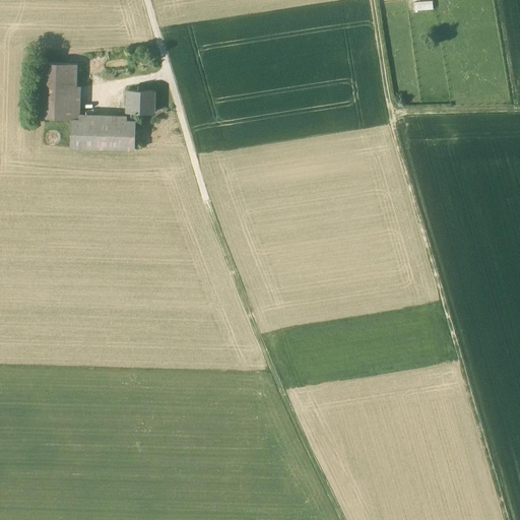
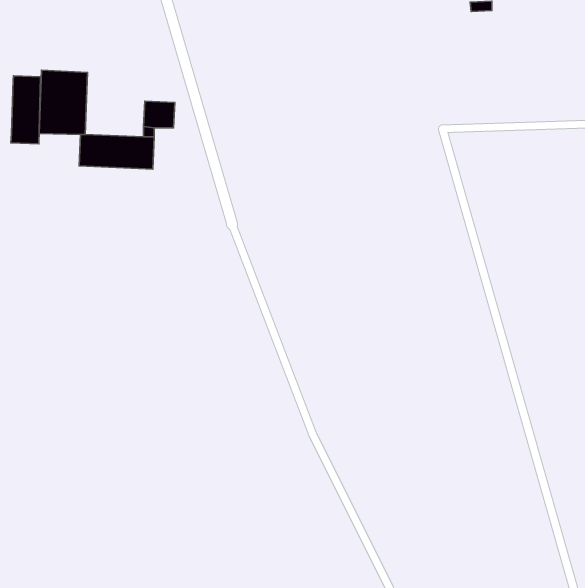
building: none -> [11,76,41,144]

